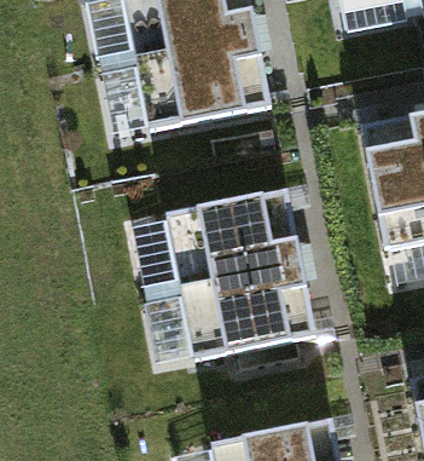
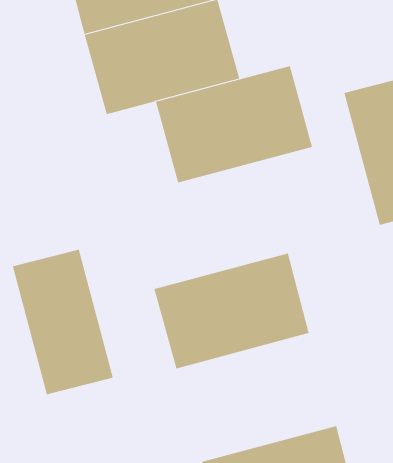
building: [164,190,301,287] -> [155,66,313,183]
building: none -> [12,249,113,395]

